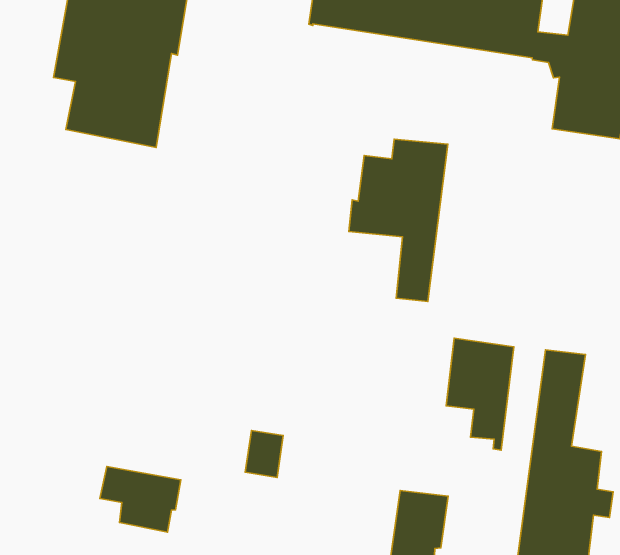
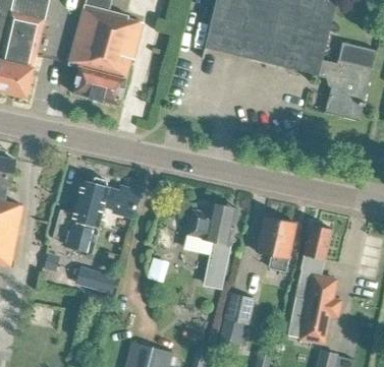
building: [349,139,448,301] -> [183,203,238,289]
building: none -> [53,177,140,252]

